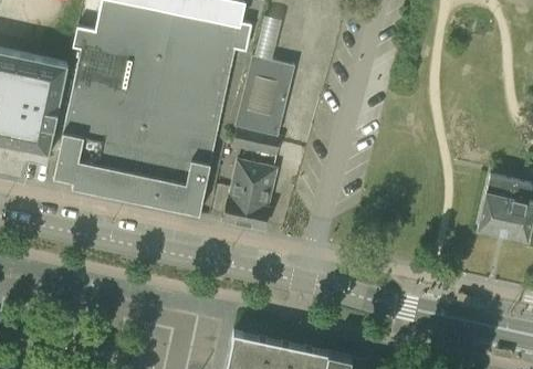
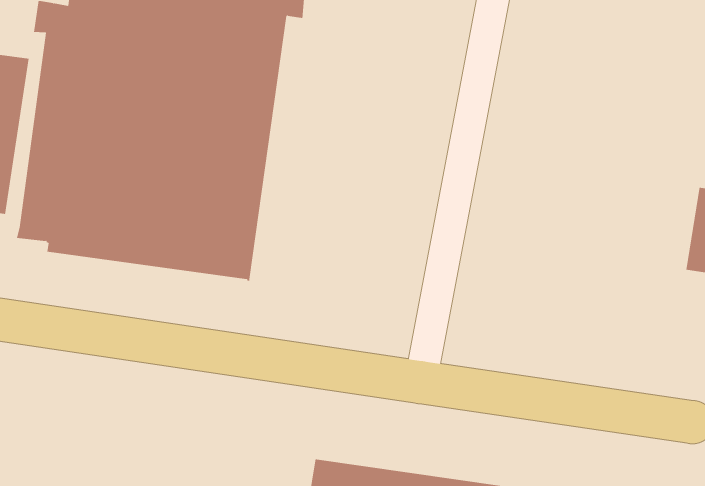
building: [231,57,294,159] -> none
building: [222,160,275,230] -> none

